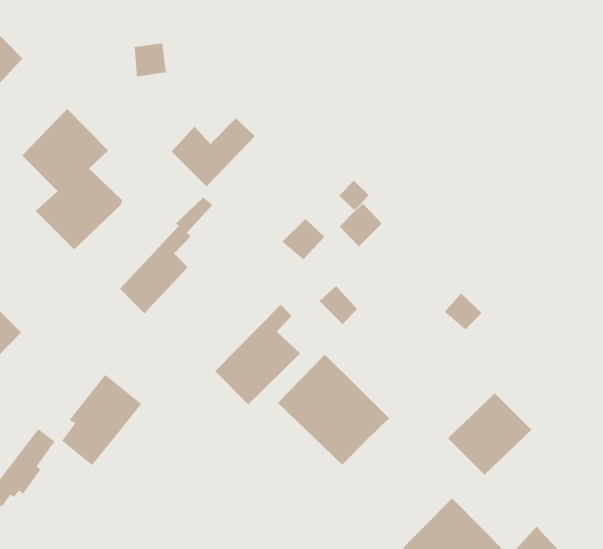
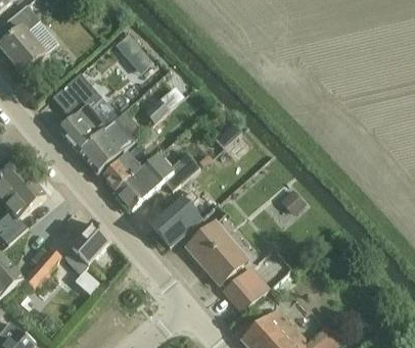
building: none -> [78,109,152,173]
building: none -> [114,153,198,208]
building: [447,393,532,476] -> [223,265,271,311]

